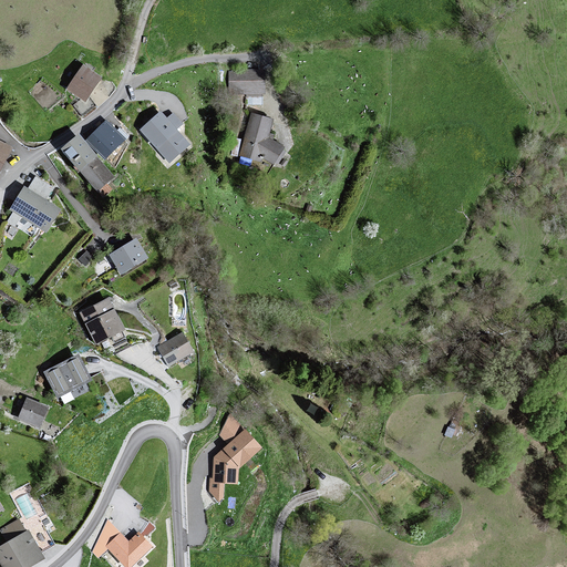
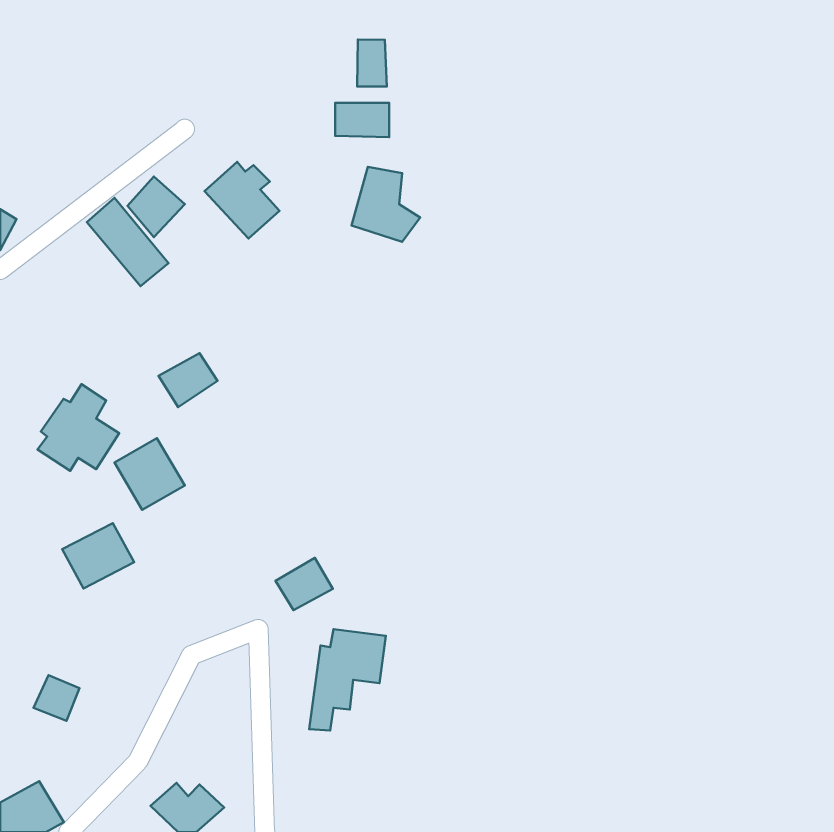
building: none -> [357,39,387,87]
building: [65,64,101,102] -> none
building: [7,177,62,236] -> [37,384,119,471]
building: [156,331,195,367] -> [275,558,333,610]
building: [17,398,48,429] -> [34,675,79,721]

